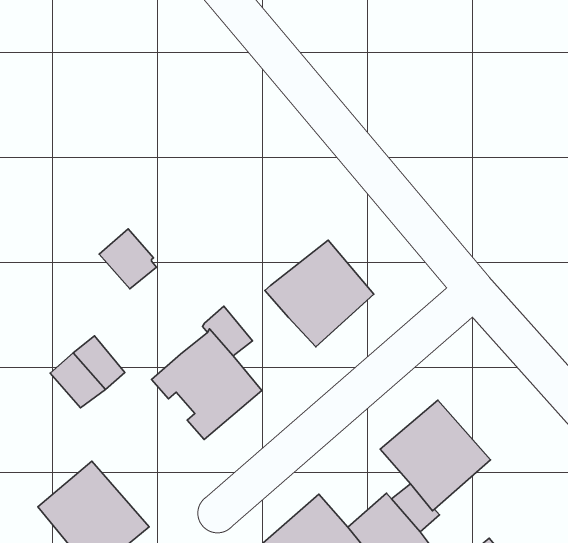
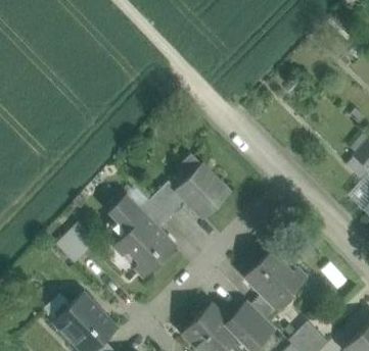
building: [99,229,157,289] -> [109,196,142,230]
building: none -> [150,182,187,221]

